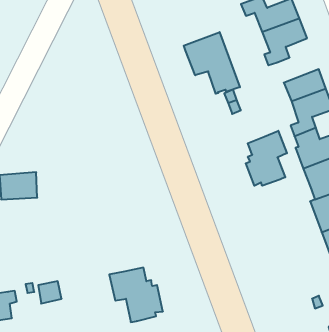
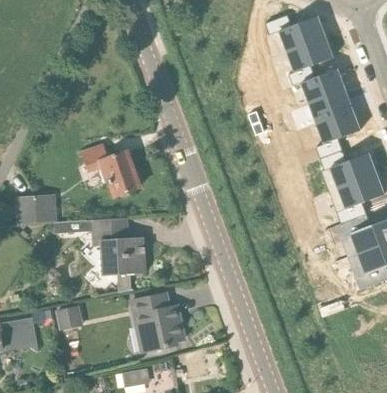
building: [184,32,240,94] -> none
building: none -> [302,69,345,103]
building: none -> [82,143,142,196]
building: [246,131,287,186] -> none
building: none -> [65,217,146,275]

